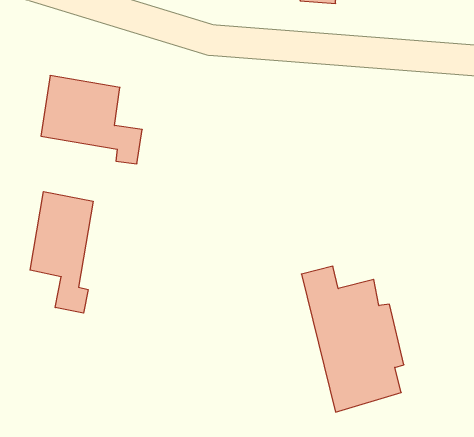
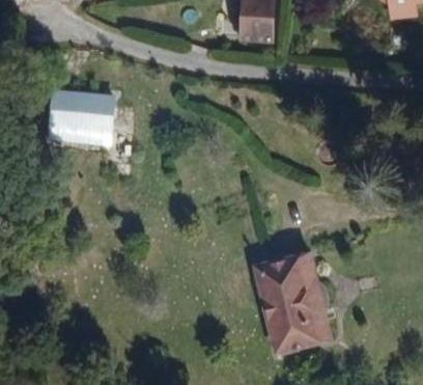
building: [30,192,93,313] -> none

